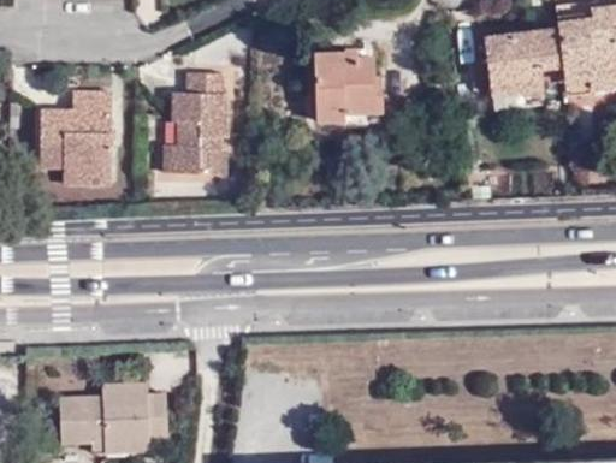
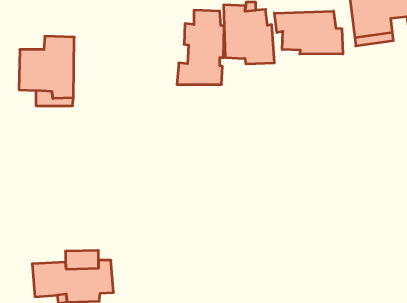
building: none -> [274,11,343,54]
building: [165,76,229,176] -> [177,10,224,84]

